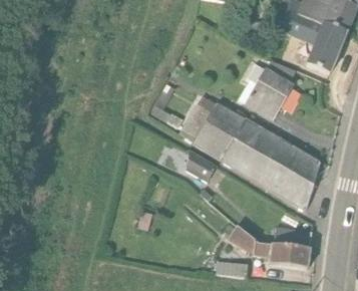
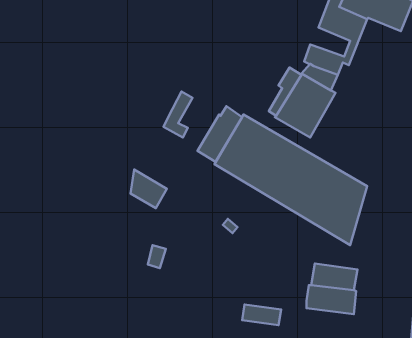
building: [305,22,348,74] -> none
building: [187,150,217,182] -> [130,169,167,208]
building: [229,225,272,257] -> none

